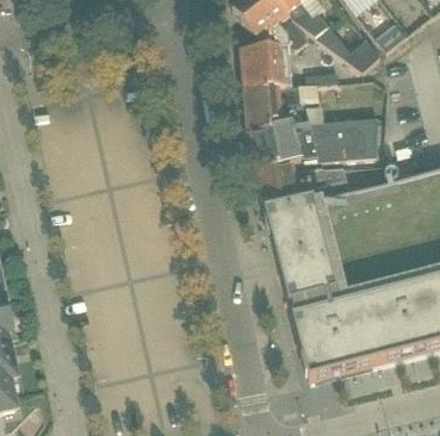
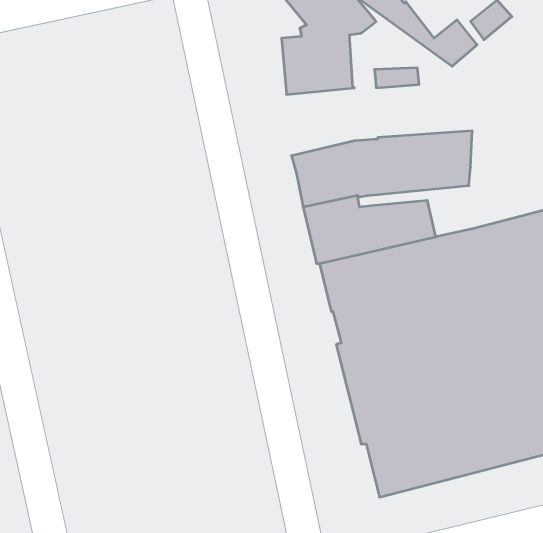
building: [243,87,309,136] -> none

